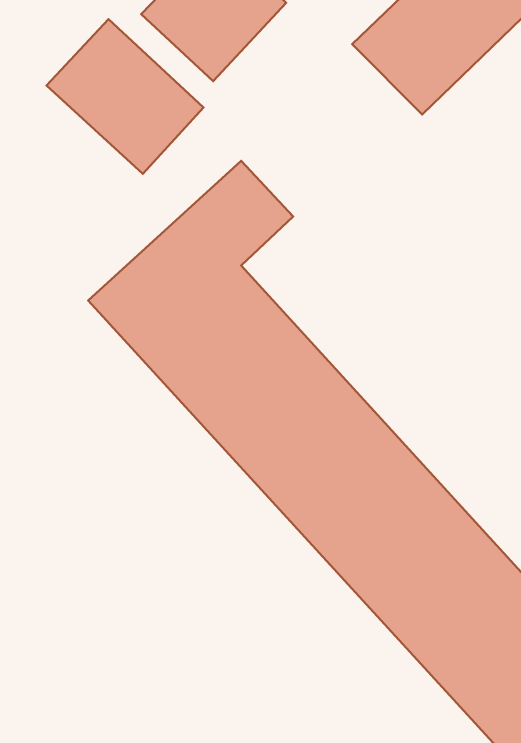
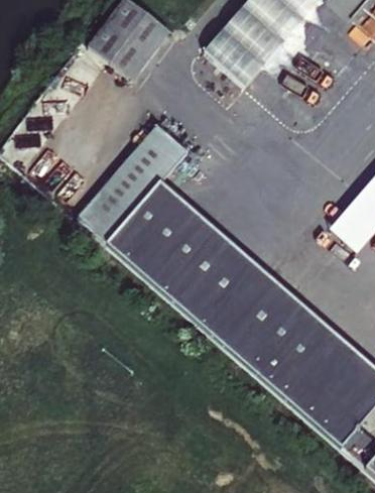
building: [46,19,203,174] -> none

